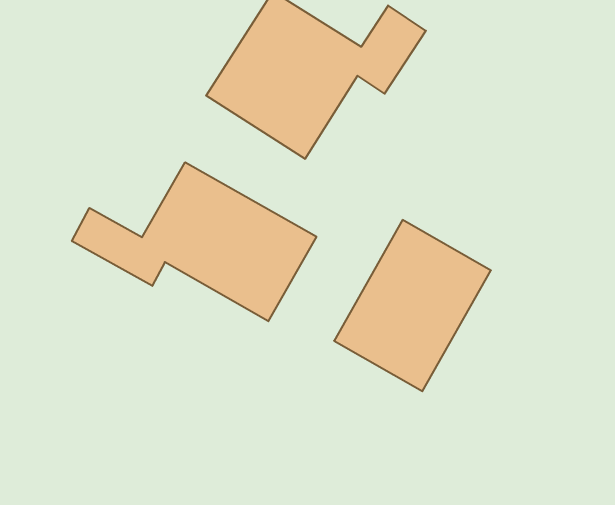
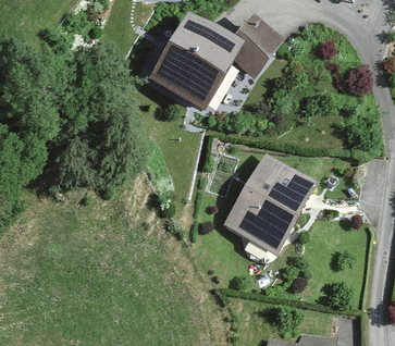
building: [72,162,316,321] -> none

